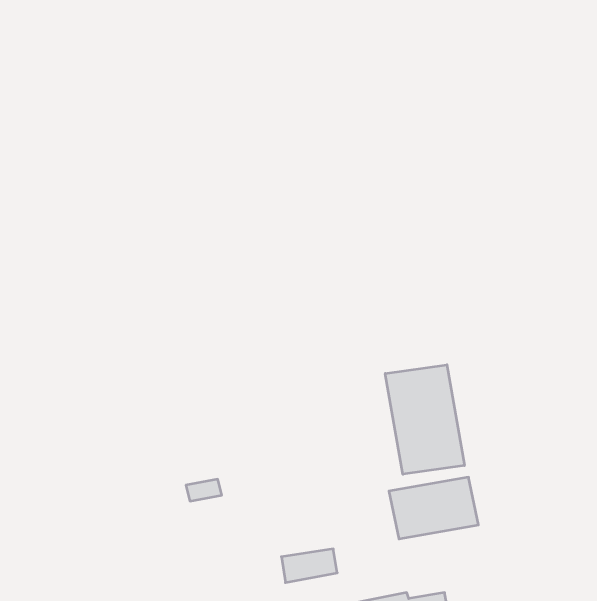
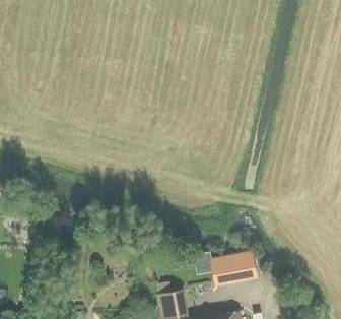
building: [385,365,464,474] -> none

